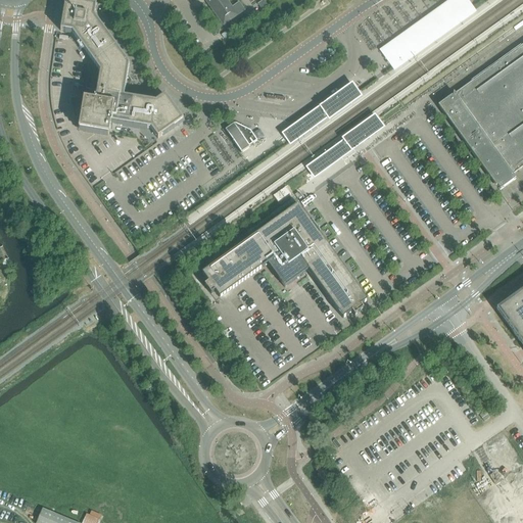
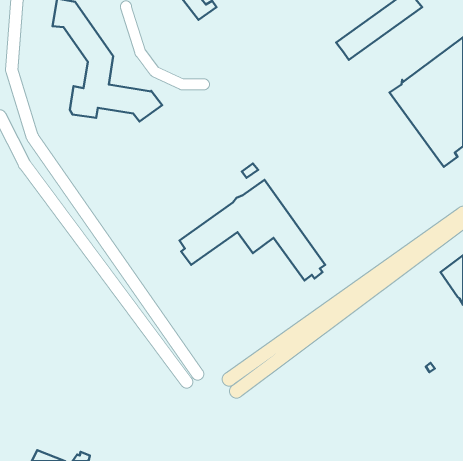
building: [282,80,363,142] -> none
building: [305,110,385,176] -> none
building: [225,122,257,149] -> none

